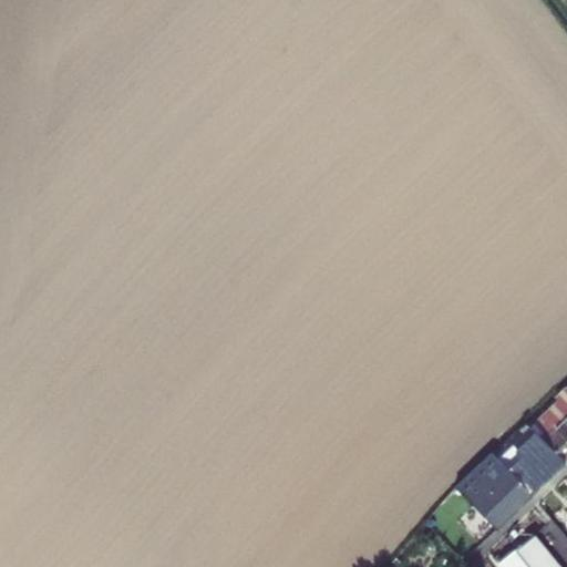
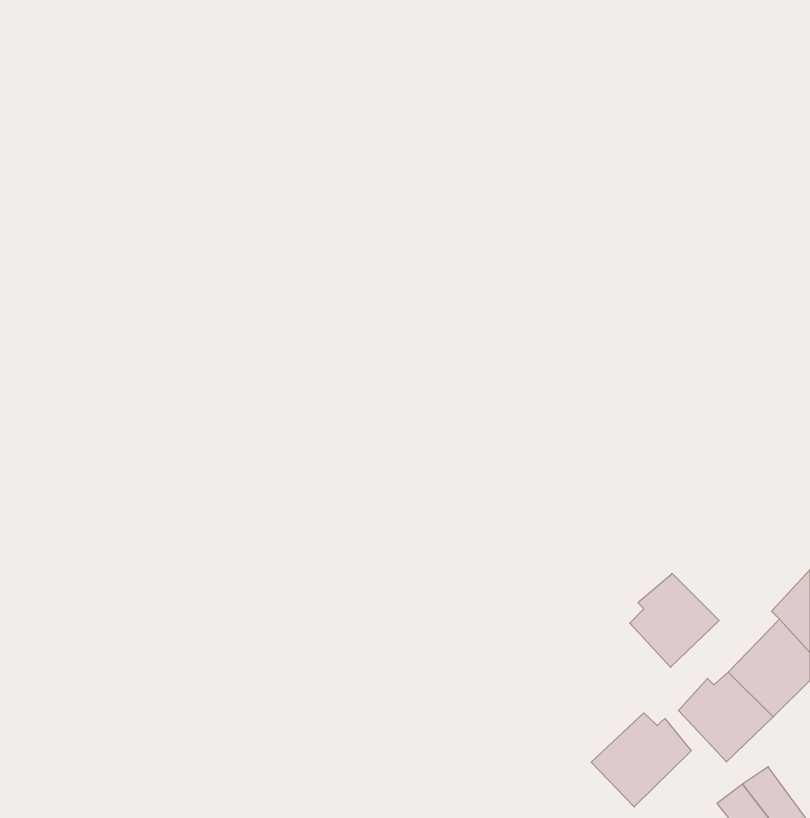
building: none -> [630,573,719,667]
building: none -> [591,713,691,807]

